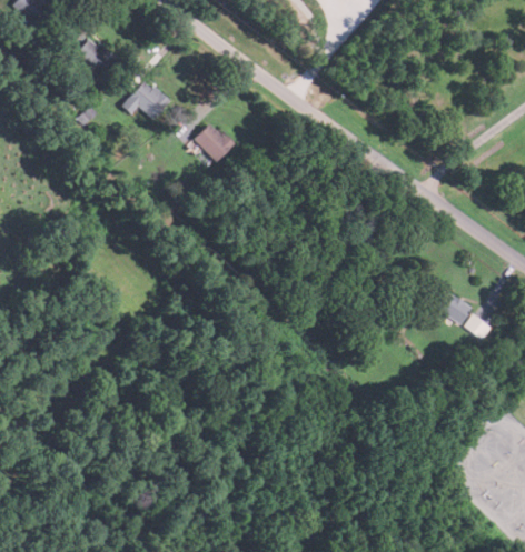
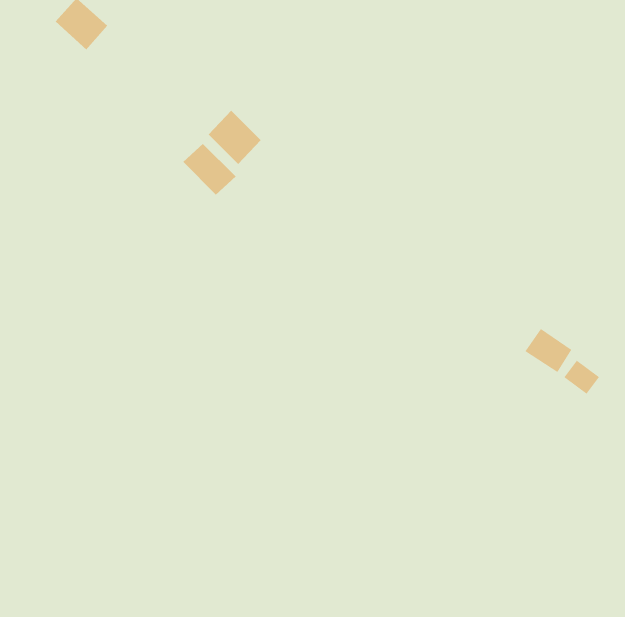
building: [128,79,168,119] -> none
building: none -> [182,143,236,195]

